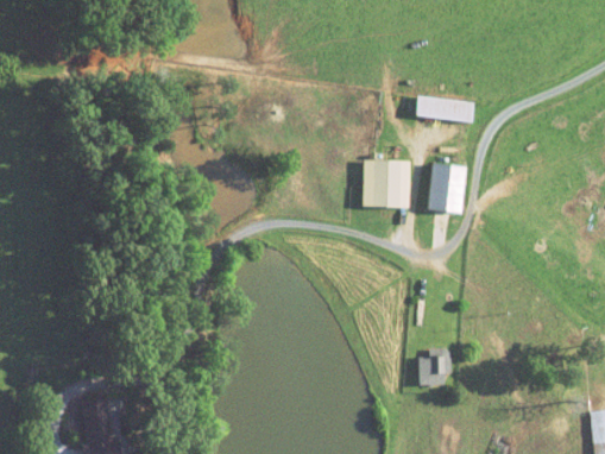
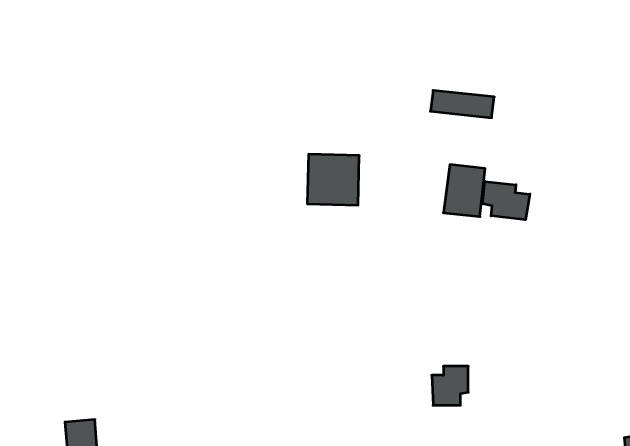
building: [364,160,411,207] -> [307,154,359,205]
building: none -> [482,181,530,220]

